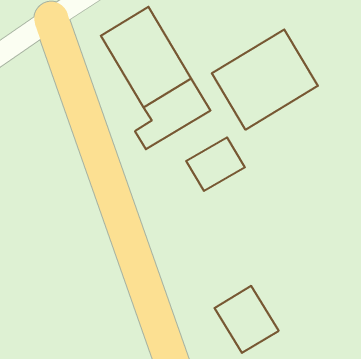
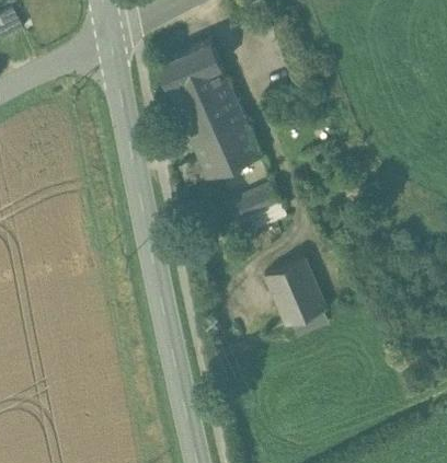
building: [212,29,318,130] -> none
building: [214,286,279,353] -> [265,259,328,326]

